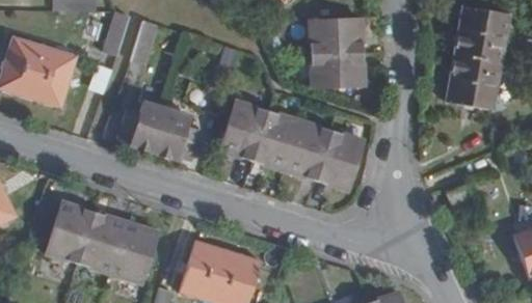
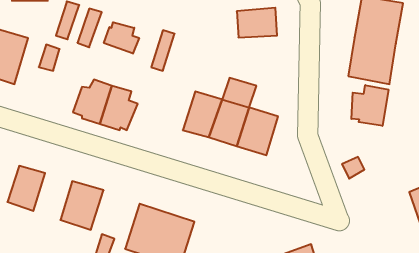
building: none -> [104,22,139,54]
building: [316,51,362,84] -> none
building: [224,107,266,160] -> none
building: none -> [351,85,388,126]
building: [79,210,124,264] -> none

